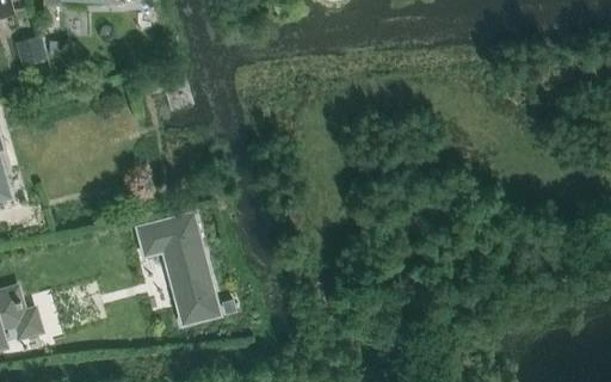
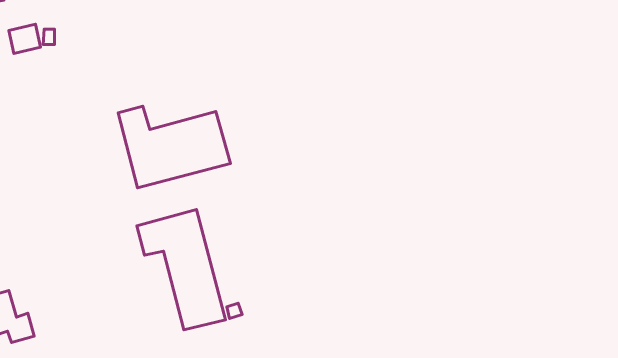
building: none -> [118,106,230,188]

